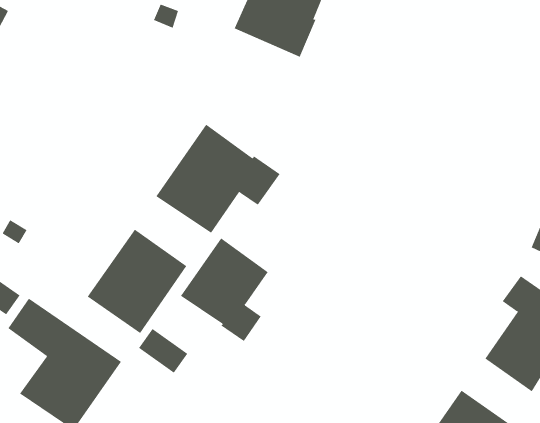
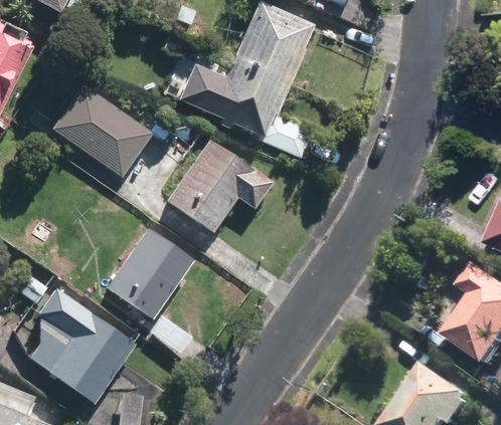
building: none -> [176,54,311,158]
building: none -> [51,91,148,179]
building: [180,237,269,342] -> none

